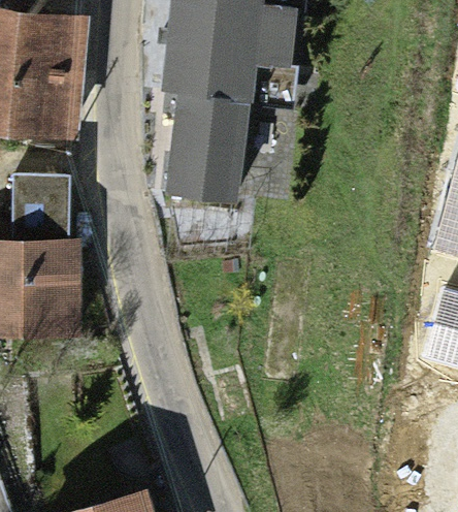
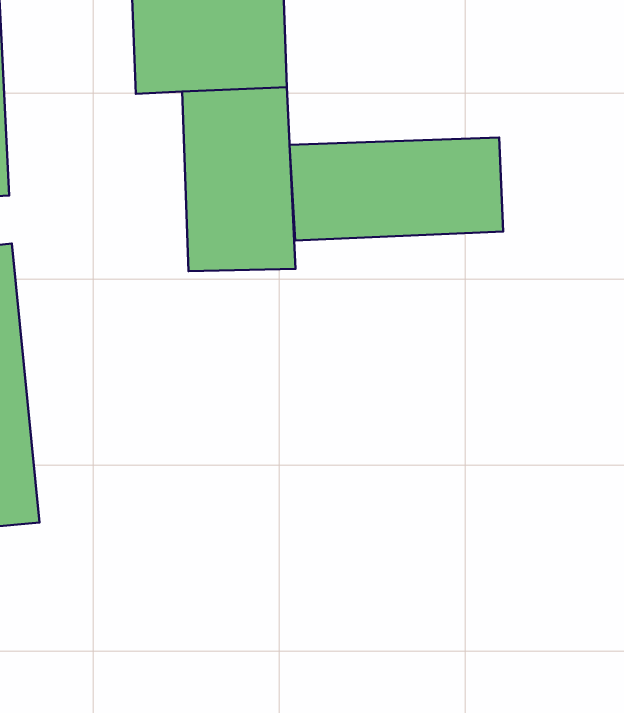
building: none -> [290,137,503,241]

